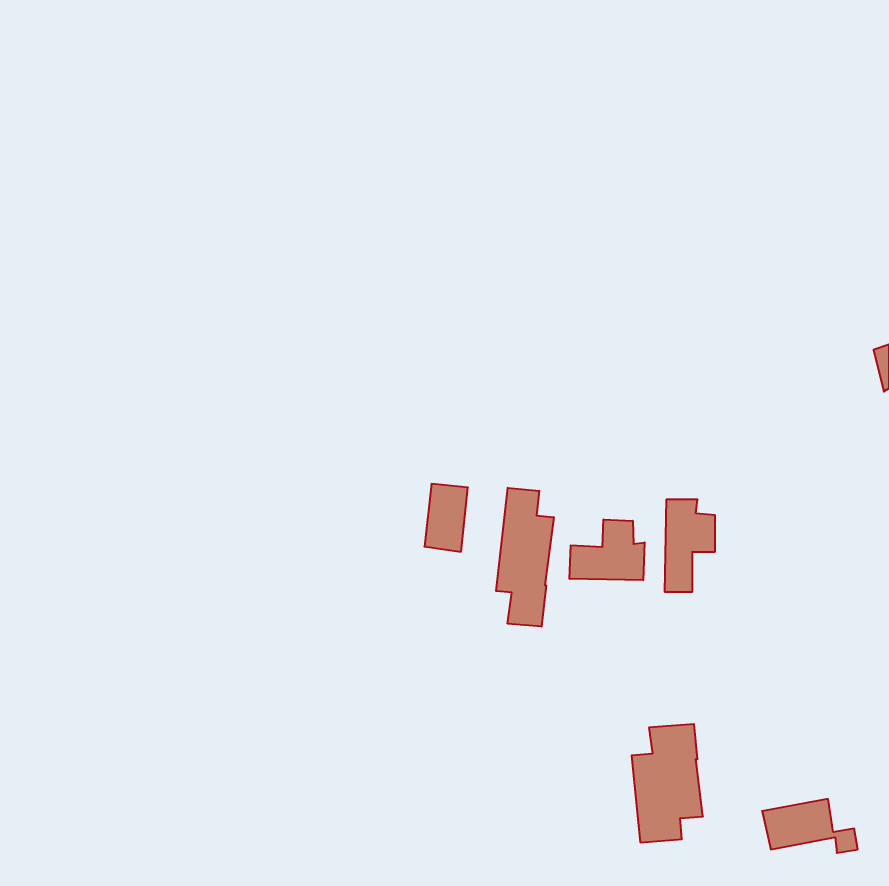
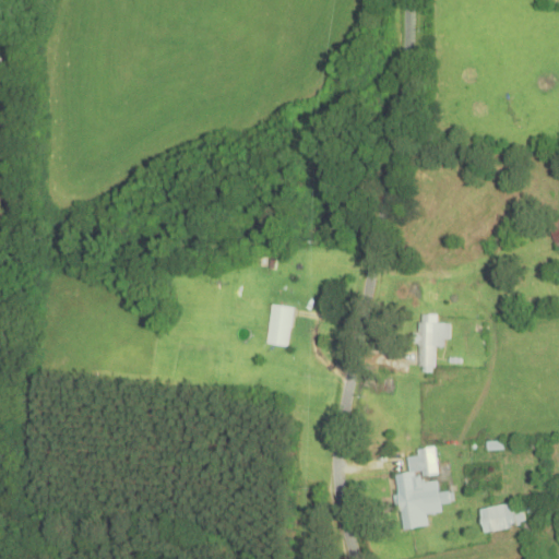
building: [496,488,554,627] -> none
building: [570,519,645,580] -> none

